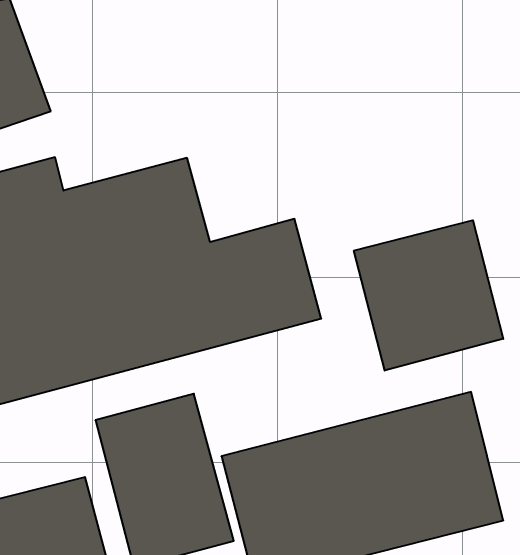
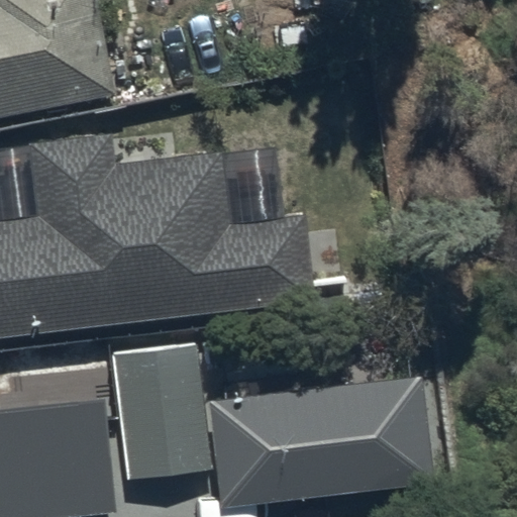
building: [354,220,503,371] -> none

